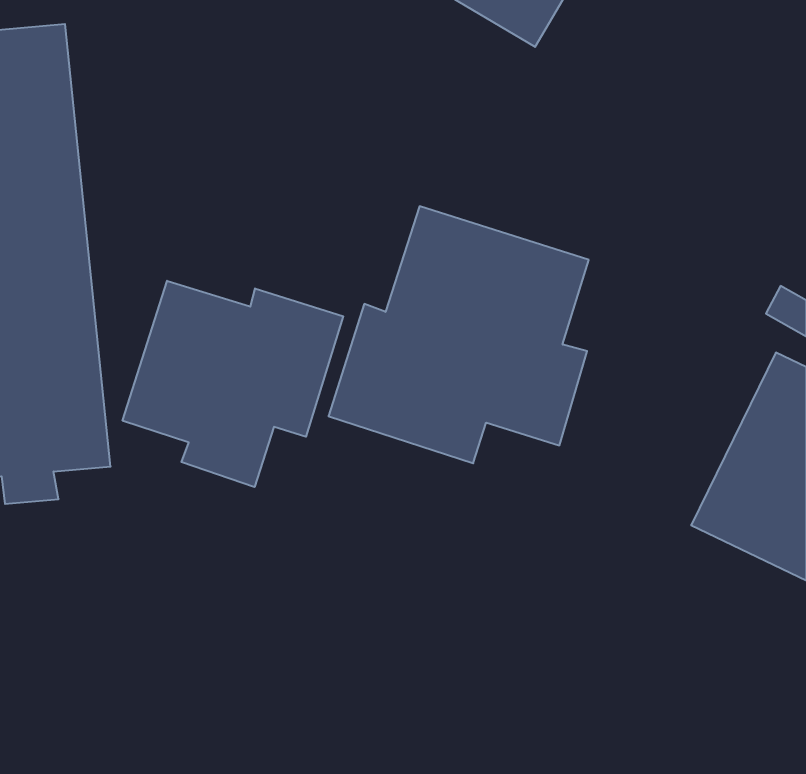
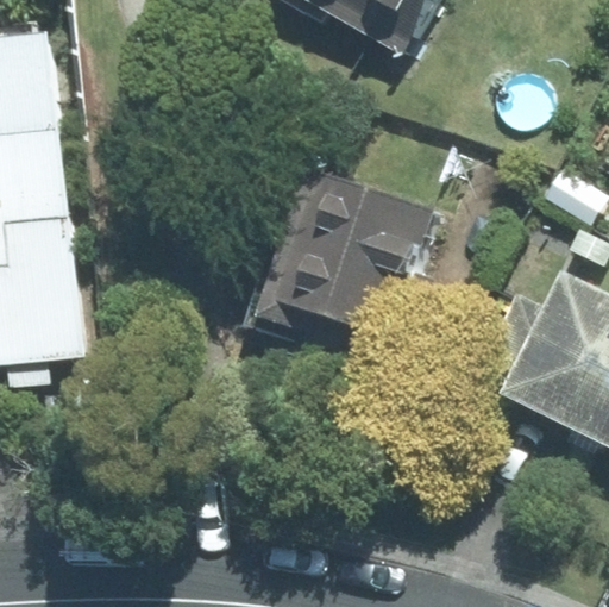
building: [123,281,343,487] -> none

